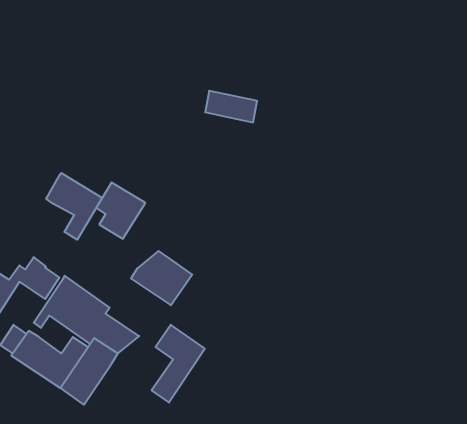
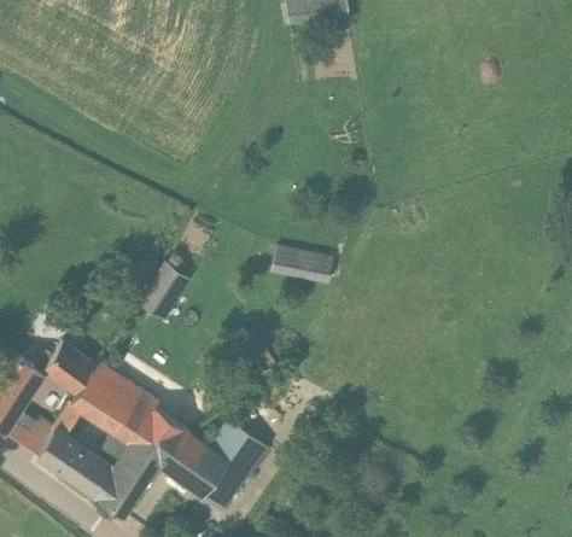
building: [205,91,257,122] -> [268,246,329,284]
building: [46,173,102,240] -> none
building: [131,251,192,305] -> [152,431,224,495]

